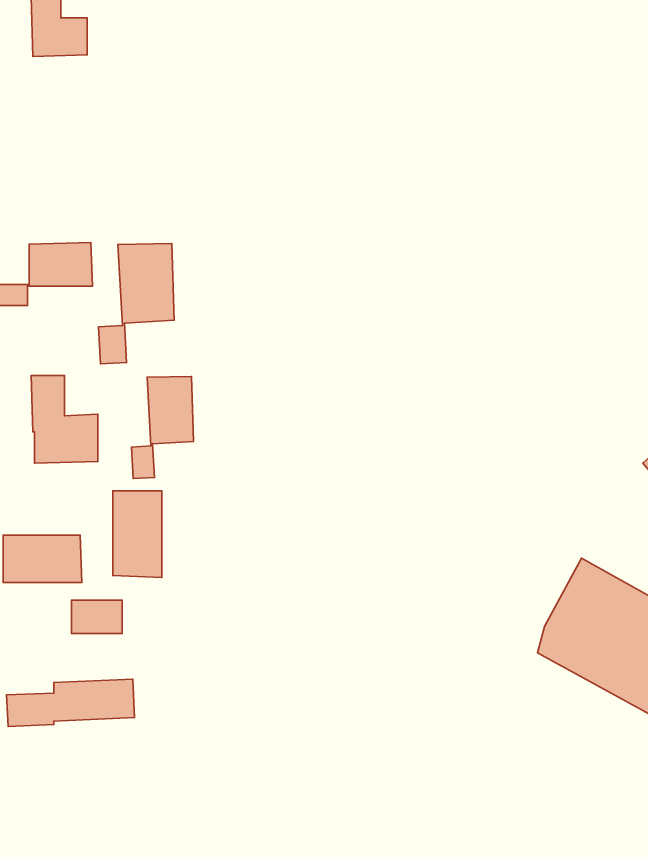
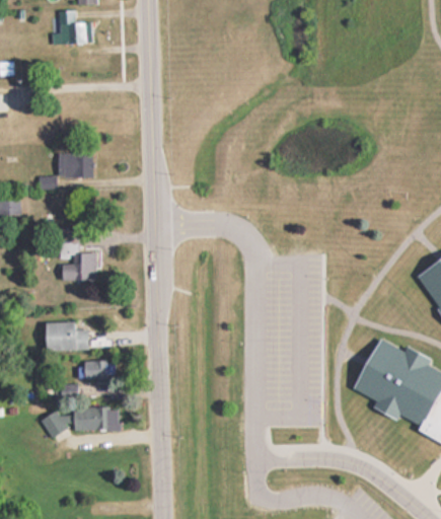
building: [99,243,174,364] -> none
building: [131,377,193,479] -> none
building: [113,491,162,577] -> none

